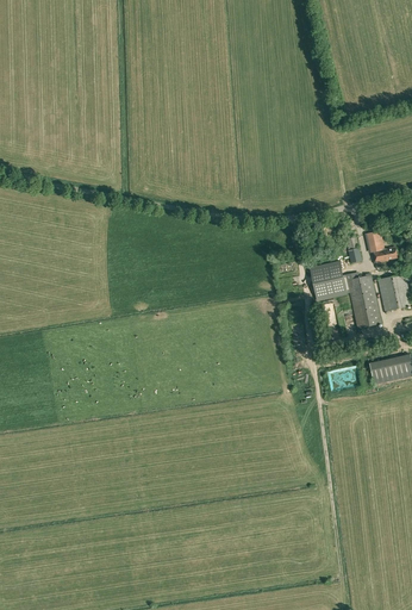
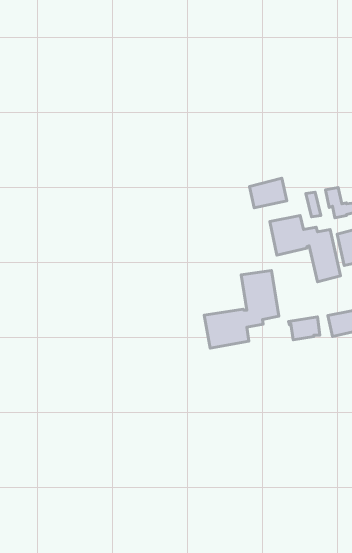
building: none -> [249,178,287,208]
building: none -> [204,270,279,348]

